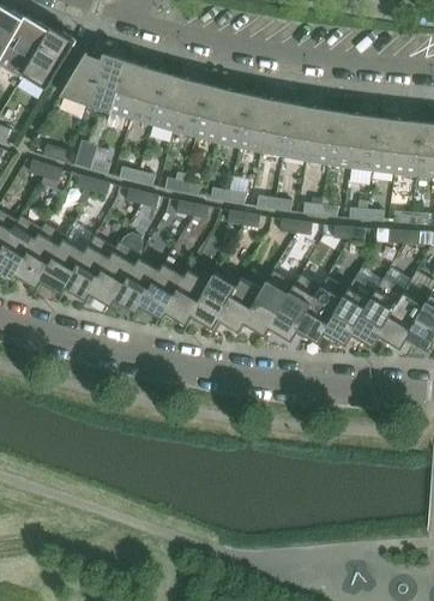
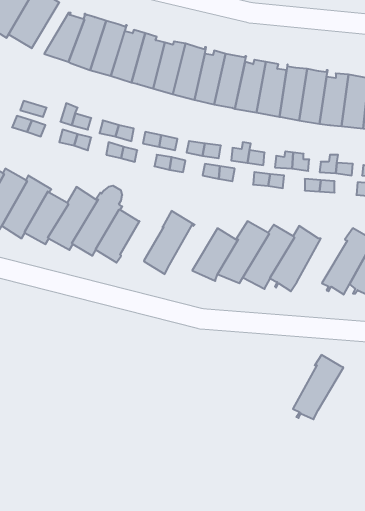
building: [140,263,186,319] -> none
building: [191,274,242,329] -> none
building: [325,277,378,344] -> [293,355,343,419]

